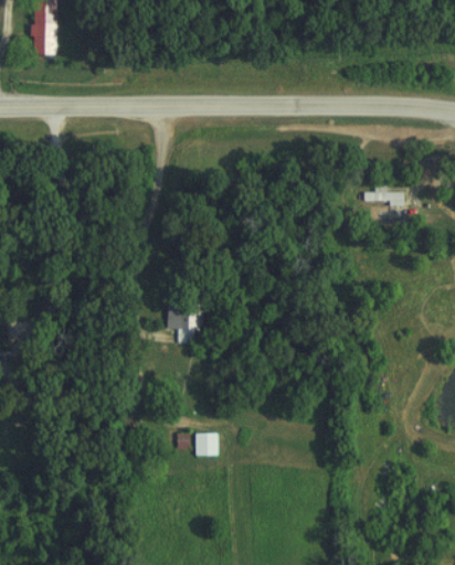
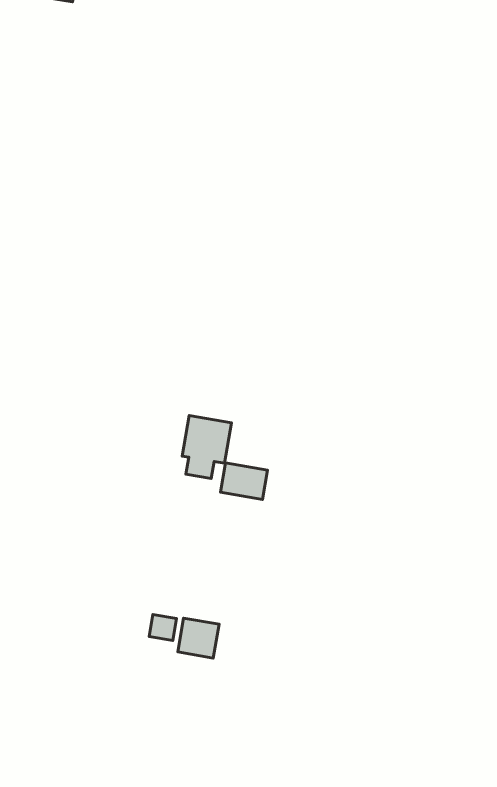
building: none -> [220,463,268,499]

